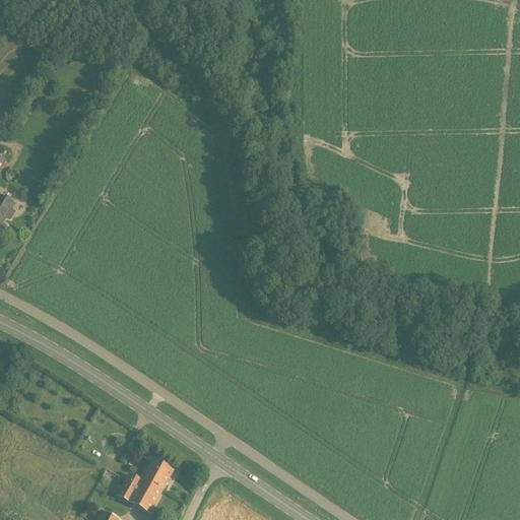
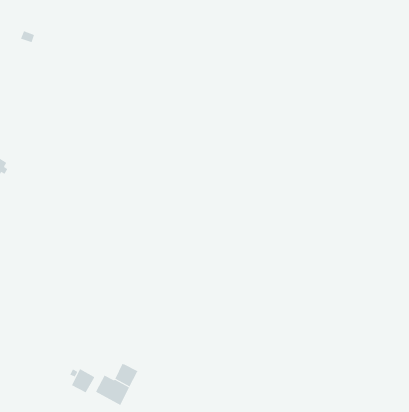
building: none -> [71,368,95,393]

